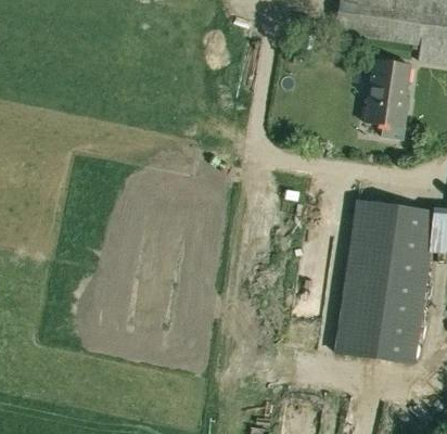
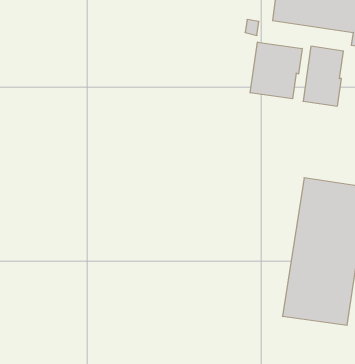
building: none -> [250,42,302,99]

